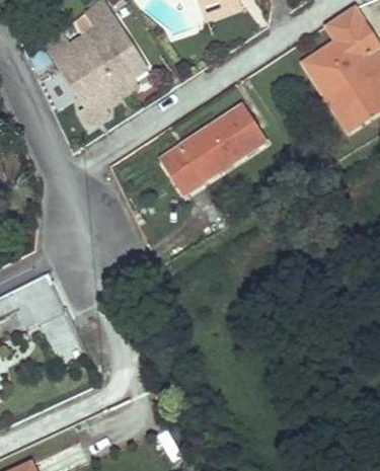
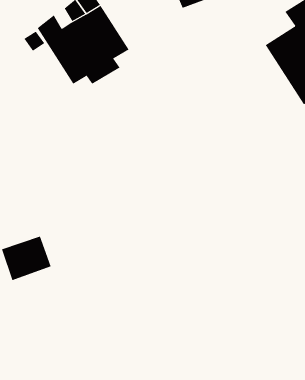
building: [163,105,268,191] -> none

